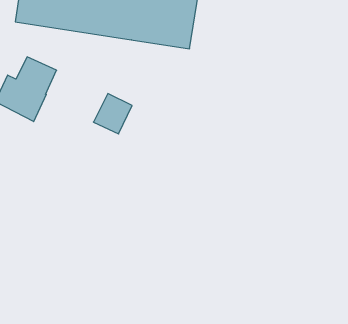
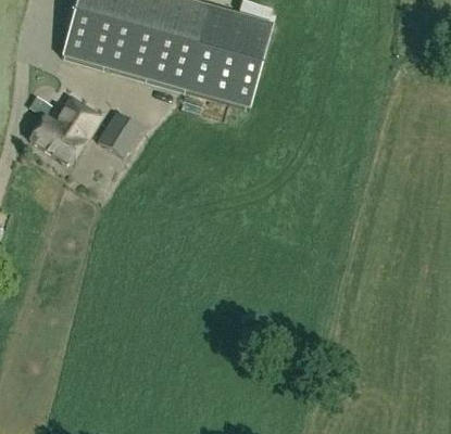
building: [93,94,132,134] -> [98,111,142,156]

